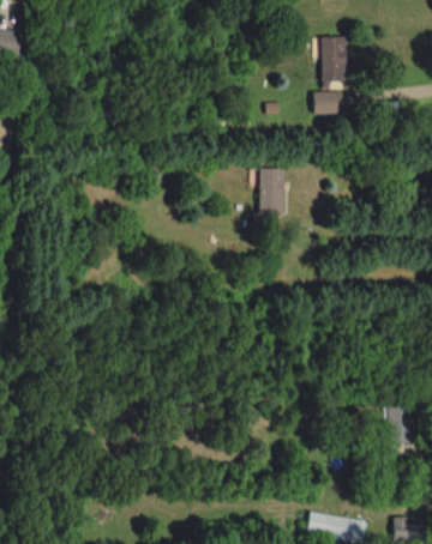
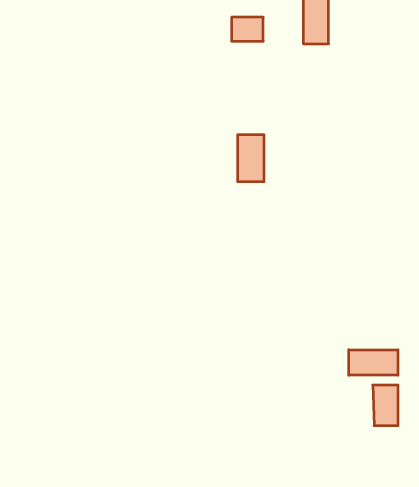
building: [313,91,343,114] -> [232,17,263,41]
building: none -> [349,350,398,375]

